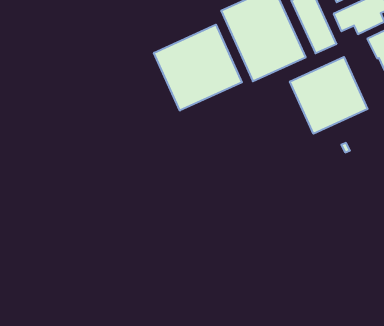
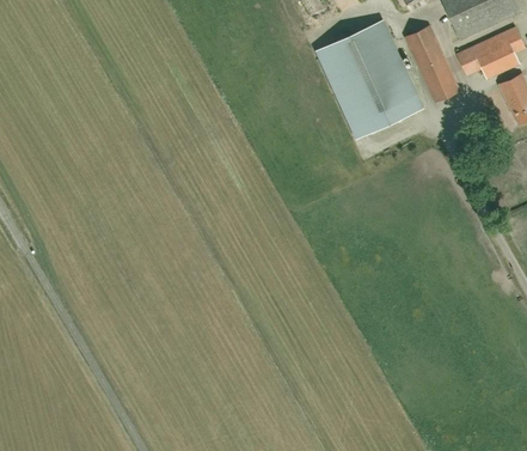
building: [154,25,242,111] -> none
building: [290,57,368,134] -> none

